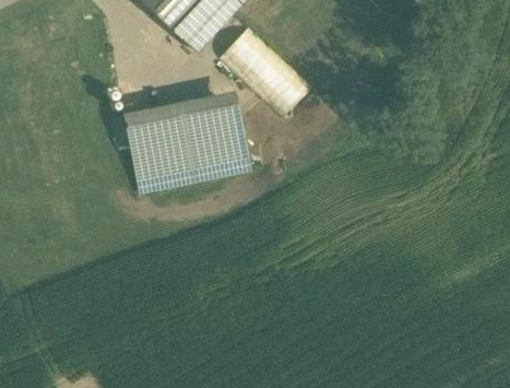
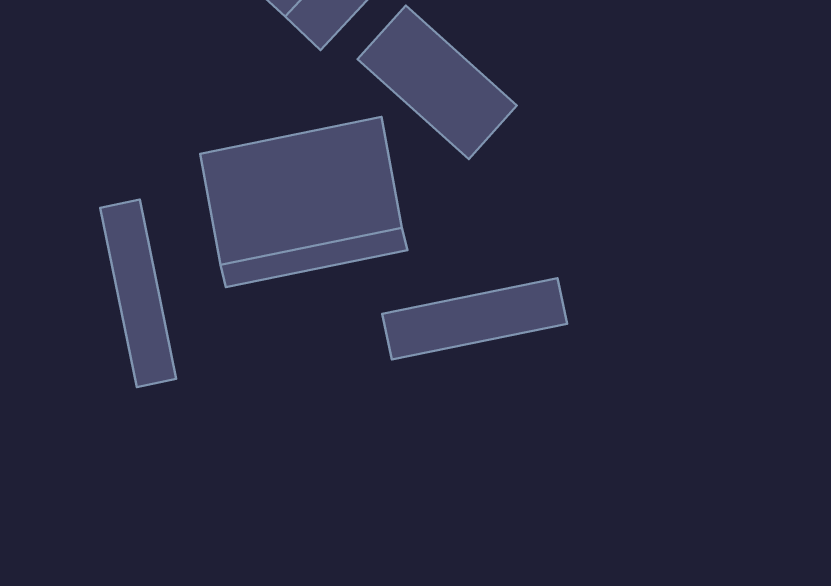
building: none -> [100,199,176,387]
building: none -> [382,278,567,359]

